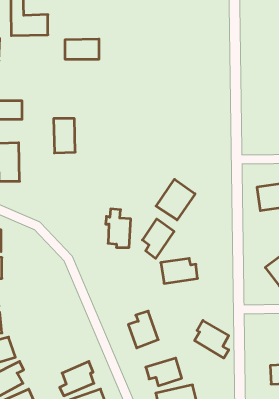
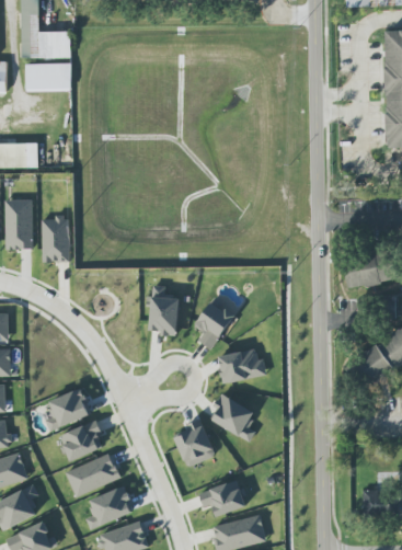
building: [65,39,99,59] -> [24,65,69,91]
building: [54,119,75,153] -> [42,217,70,262]
building: [156,179,195,220] -> none
building: none -> [42,389,90,429]
building: none -> [59,420,102,460]
building: [195,320,229,358] -> [210,392,255,442]
building: none -> [65,452,120,496]

